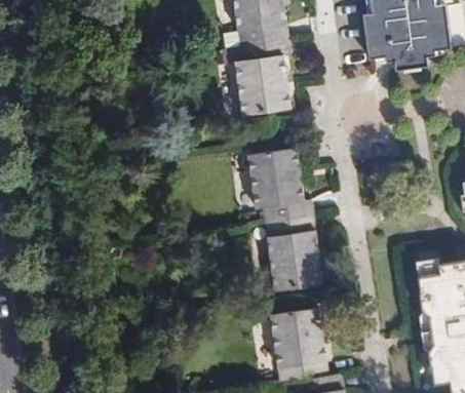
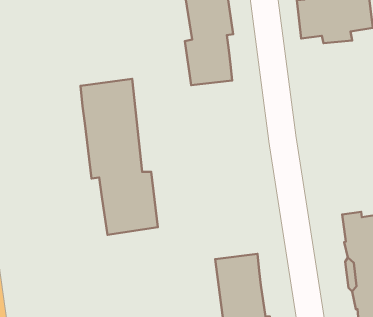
building: none -> [81,79,158,235]
building: [247,148,320,290] -> none

